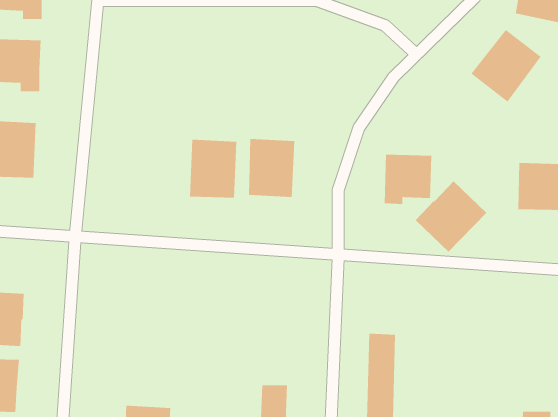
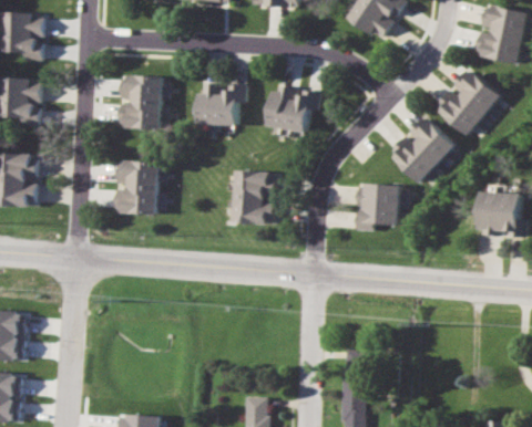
building: none -> [119,75,163,128]
building: none -> [198,83,246,126]
building: none -> [267,87,320,133]
building: [189,139,237,198] -> [114,159,158,214]
building: [415,181,487,253] -> [390,116,457,183]

